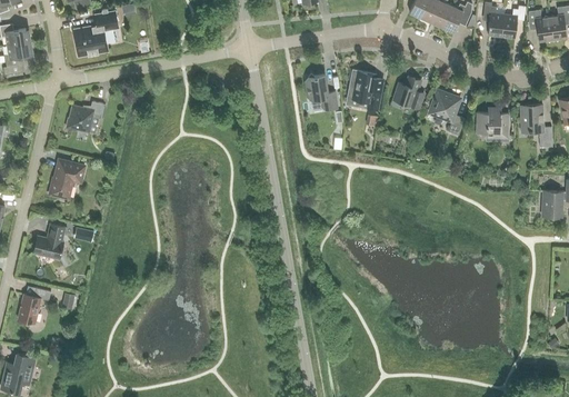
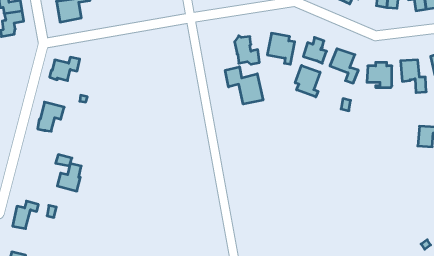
building: none -> [295,65,320,97]
building: none -> [225,67,263,104]
building: [33,224,64,259] -> [57,164,81,191]

